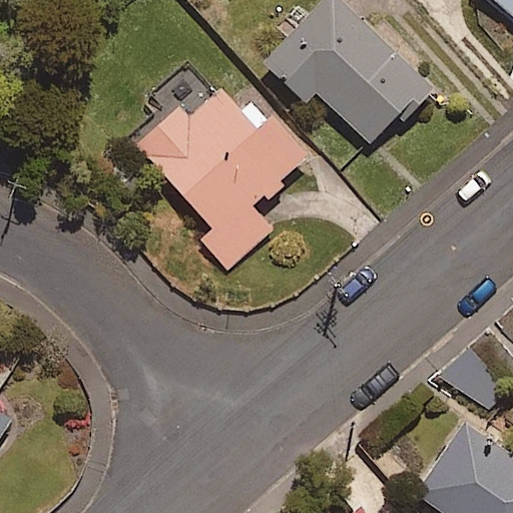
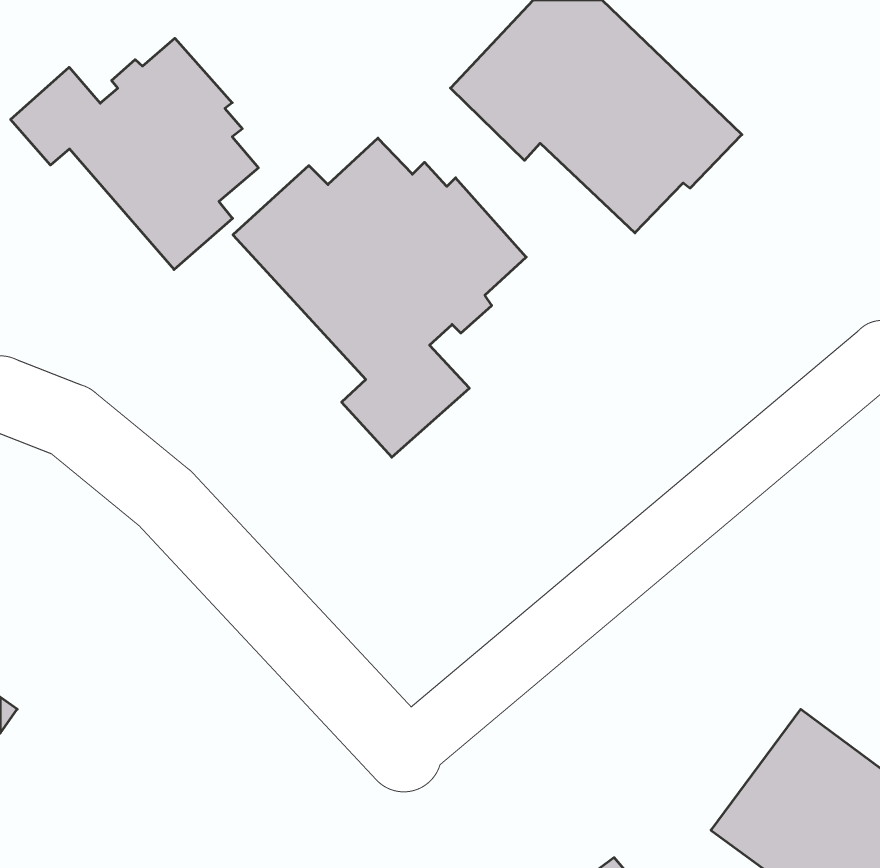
building: none -> [11,38,258,270]

